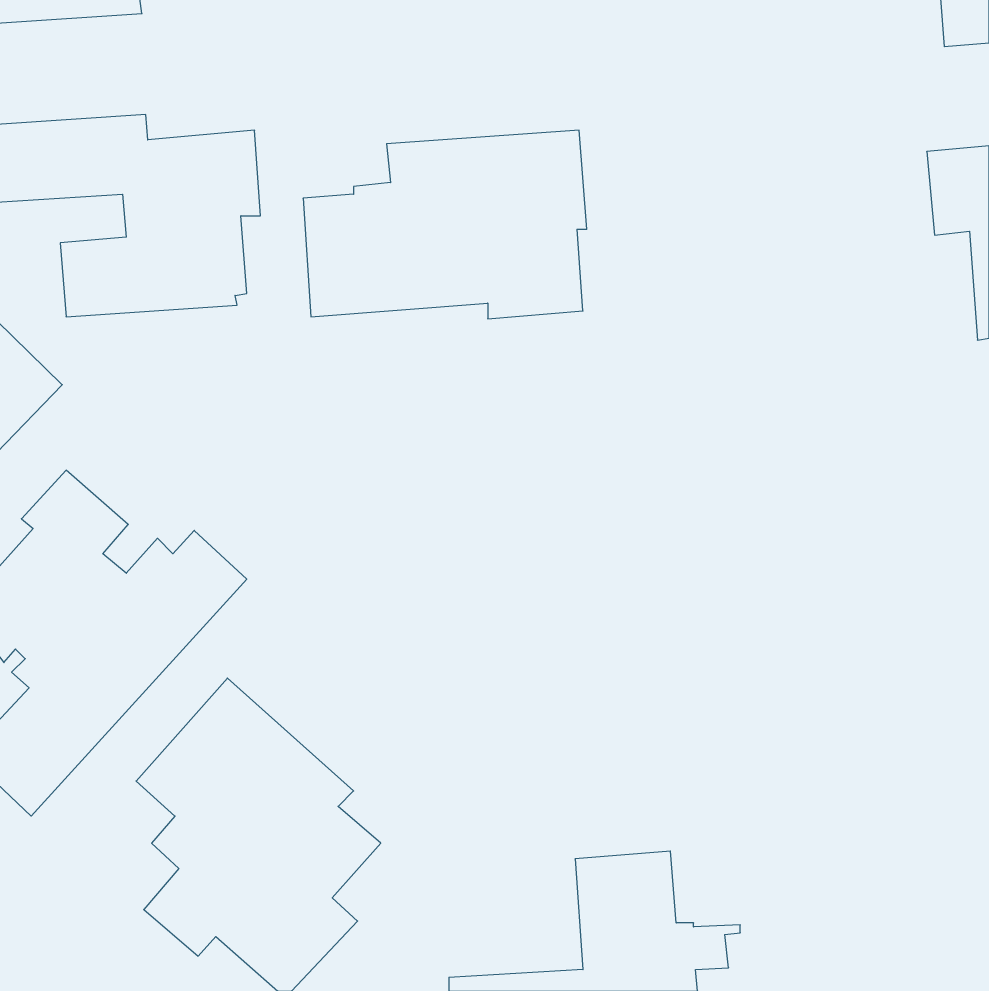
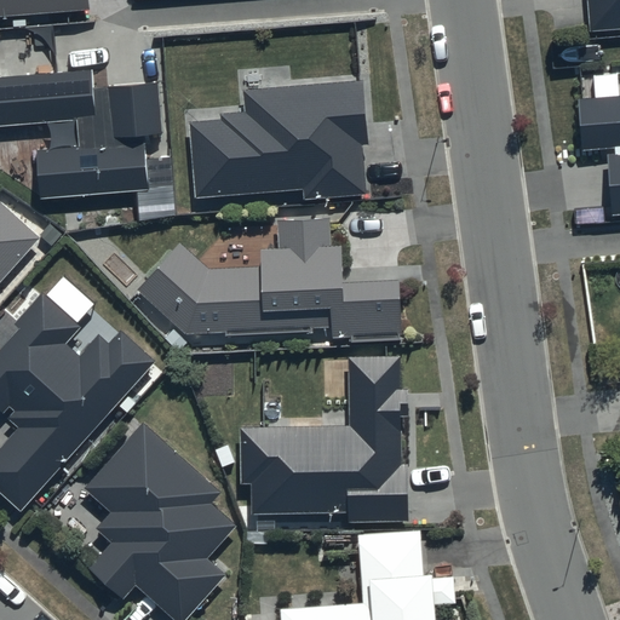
building: none -> [138,219,401,341]
building: none -> [240,358,406,521]

